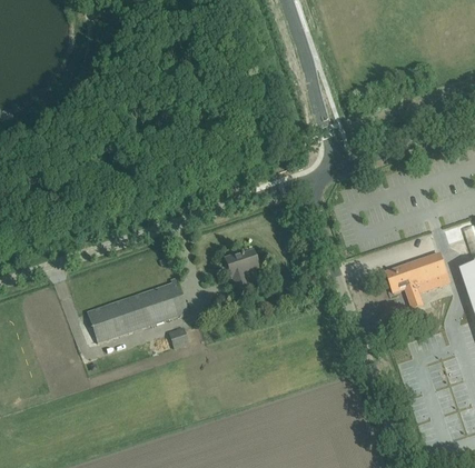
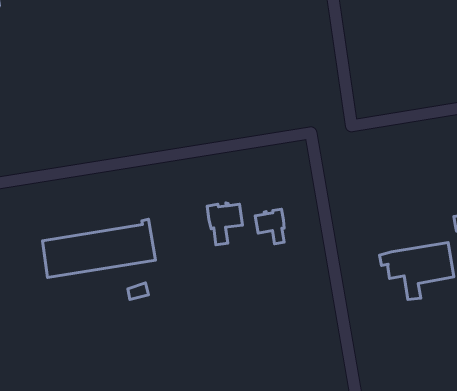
building: none -> [255,209,284,244]

